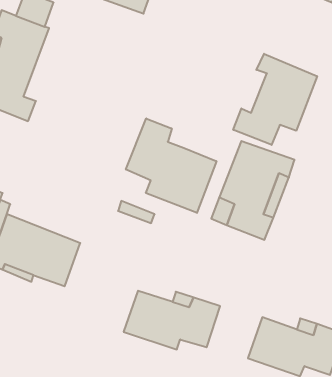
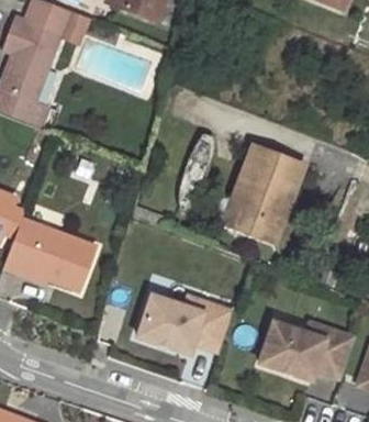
building: [233,54,317,145] -> none
building: [126,118,216,213] -> none

